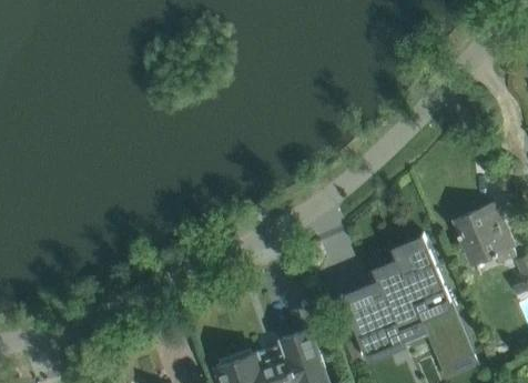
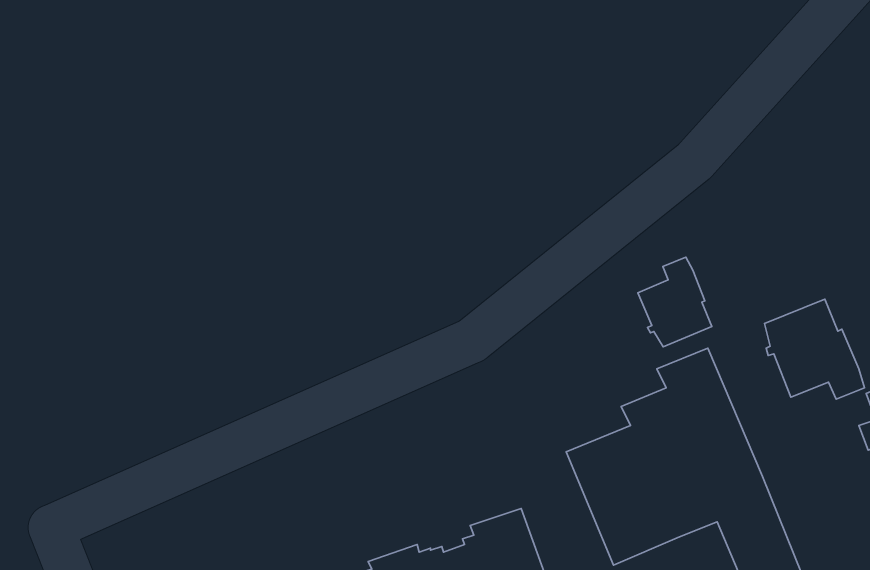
building: none -> [638,257,712,347]

